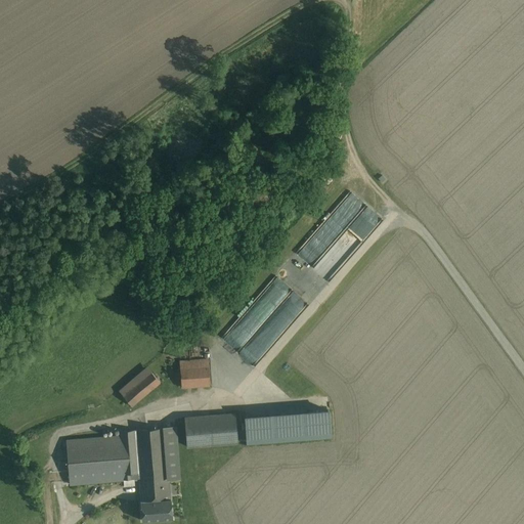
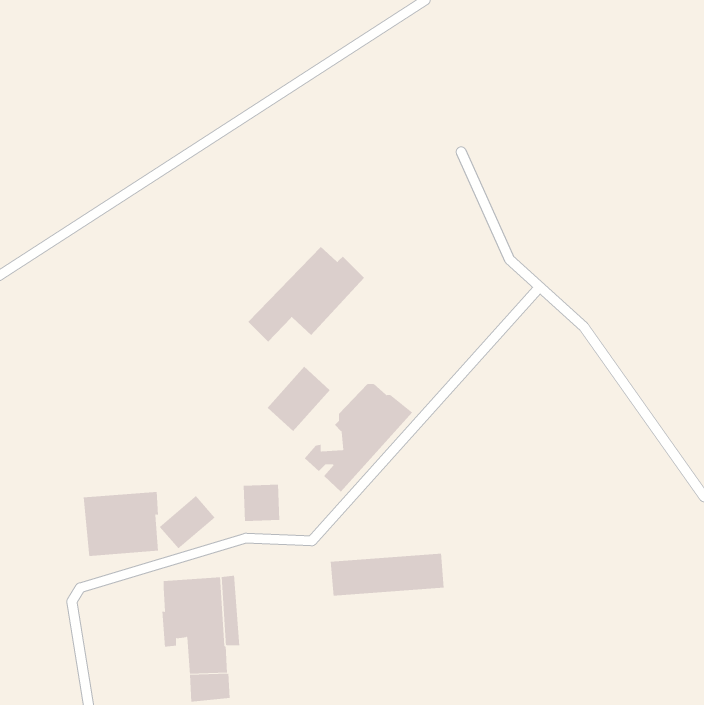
building: [296,196,383,268] -> [248,246,365,343]
building: none -> [267,366,330,432]
building: [183,413,236,446] -> none
building: [66,436,122,484] -> [83,492,159,556]

